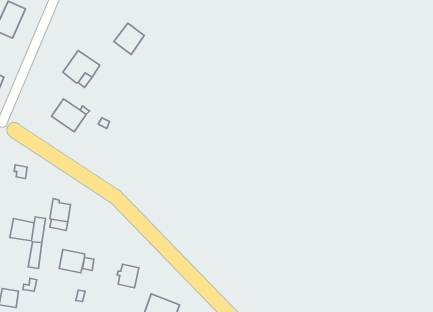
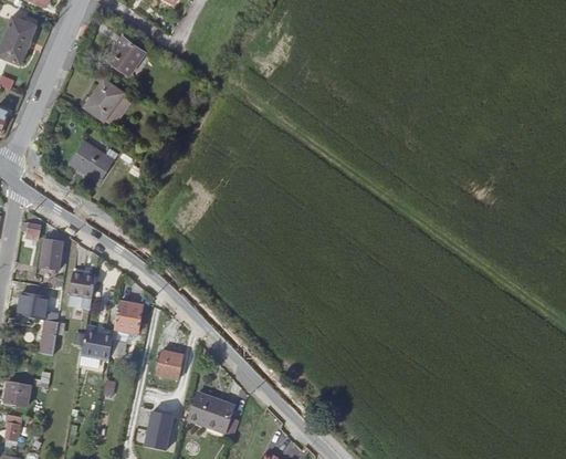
building: [114,23,144,54] -> [107,34,146,74]
building: none -> [41,241,63,271]
building: none -> [113,303,143,335]

